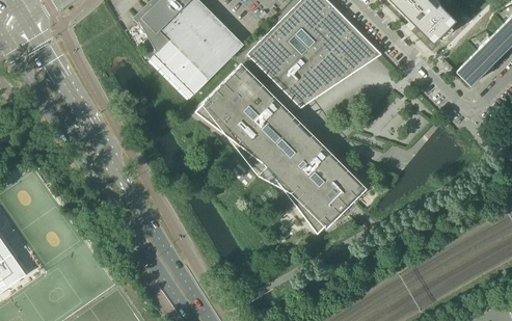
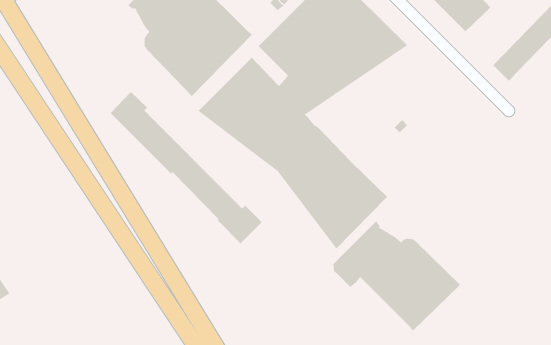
building: none -> [110,91,262,244]
building: none -> [332,221,461,332]

